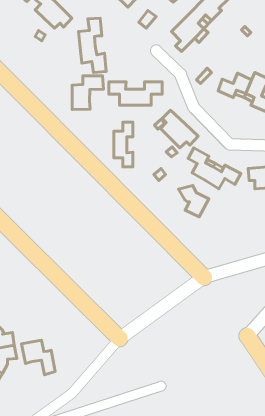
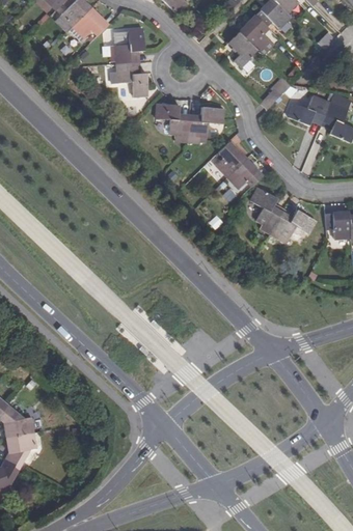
building: [72,76,104,110] -> none
building: [114,122,133,167] -> none
building: [178,185,209,217] -> none
building: [21,340,55,375] -> none

